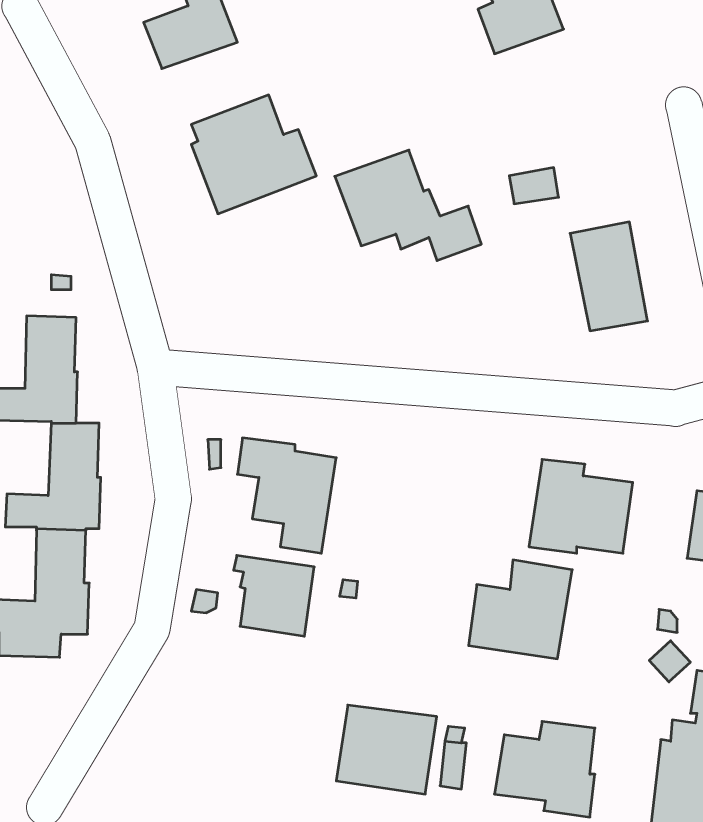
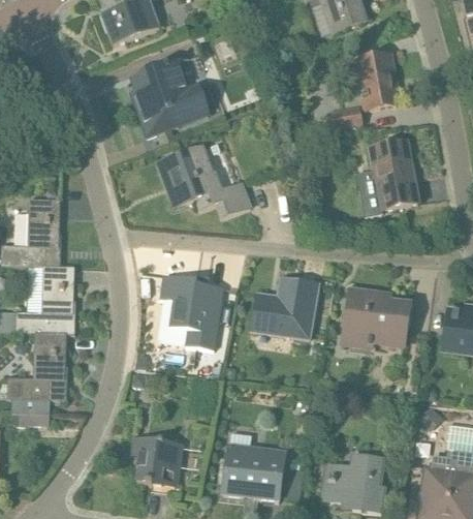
building: none -> [353,54,396,110]
building: [335,150,481,261] -> [157,146,249,215]
building: [234,555,314,636] -> [132,435,183,486]
building: [469,560,572,659] -> [252,277,317,339]

